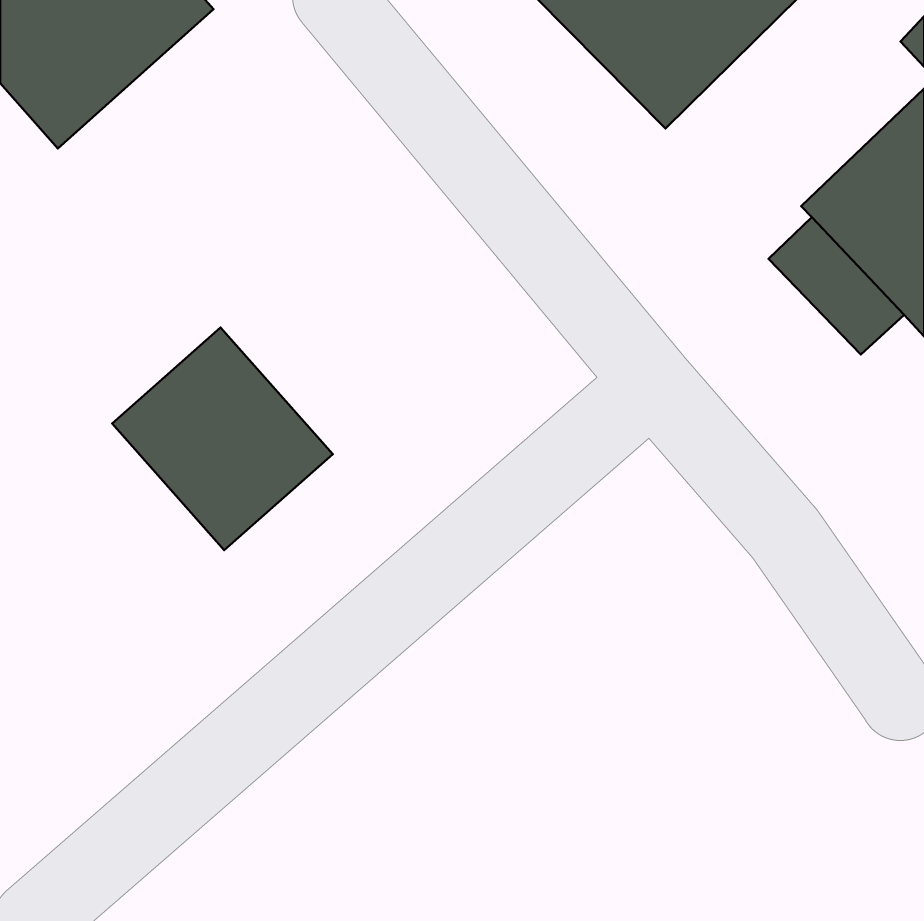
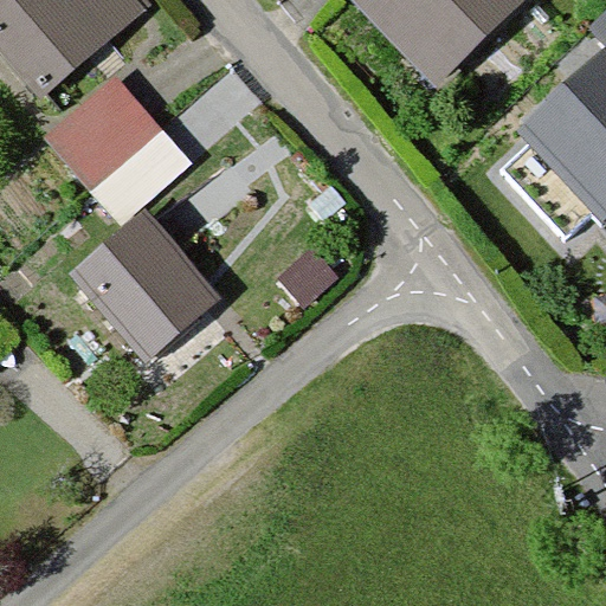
building: none -> [52,66,204,218]

